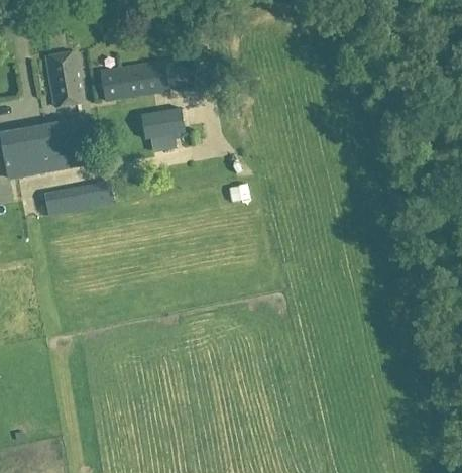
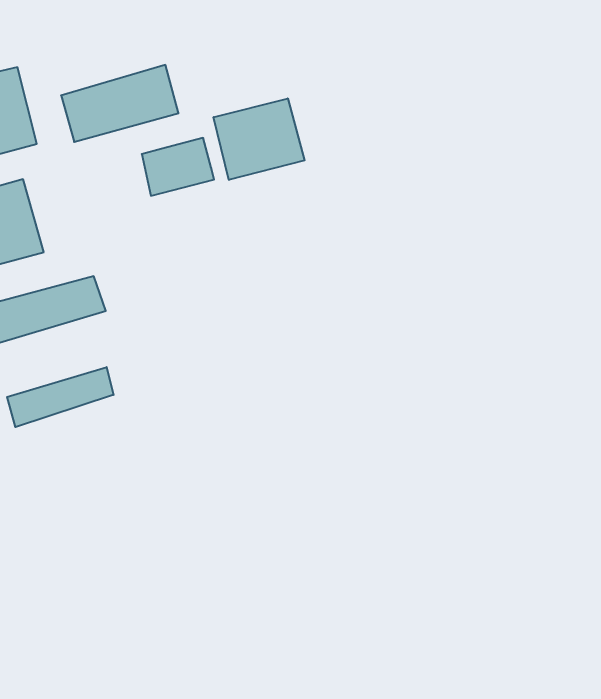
building: none -> [214,98,305,180]
building: none -> [7,367,114,427]

